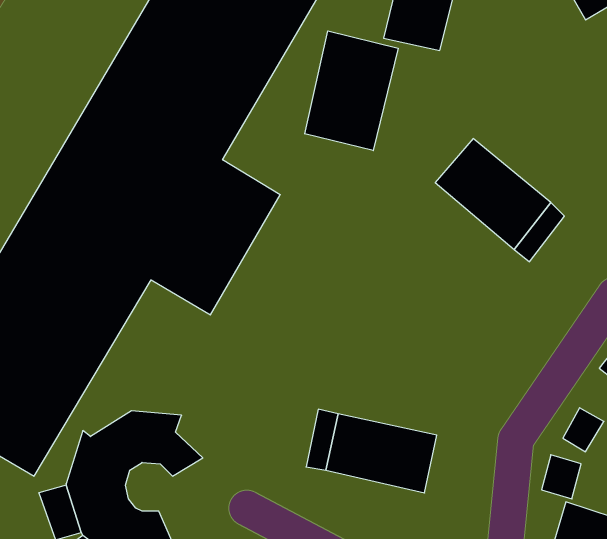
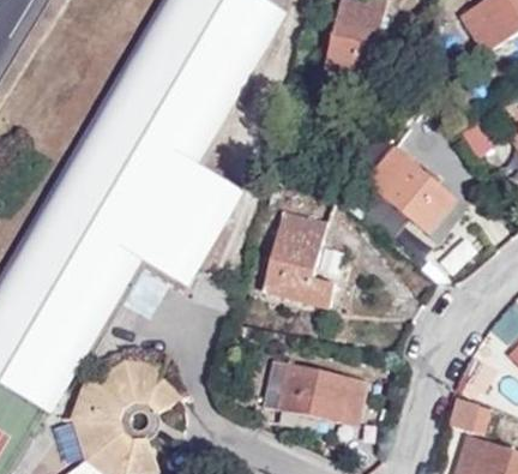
building: [305,31,398,151] -> none
building: none -> [263,212,335,307]

